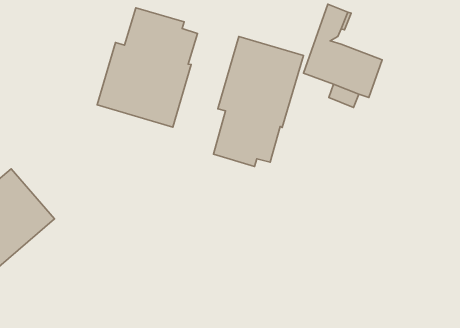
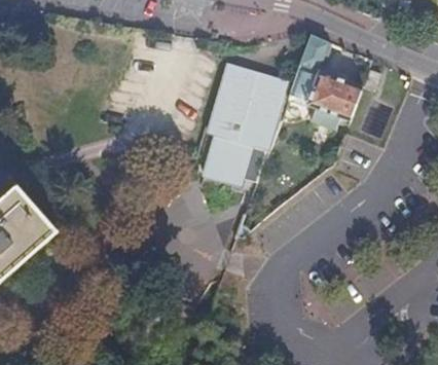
building: [97,8,198,127] -> none

